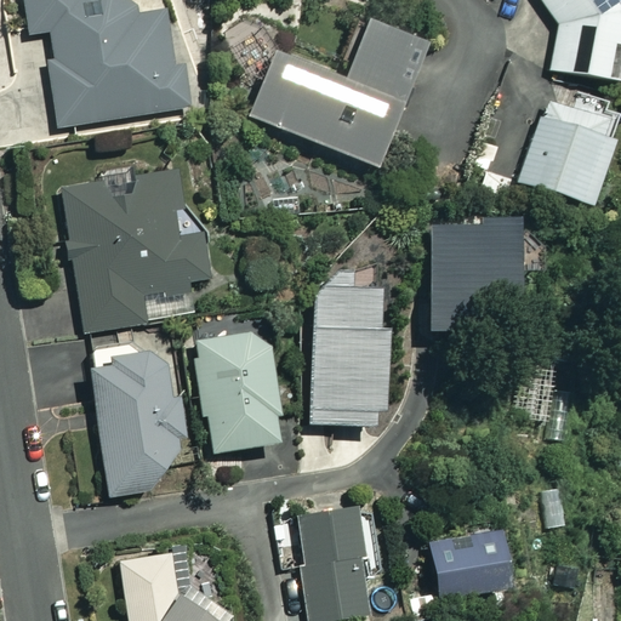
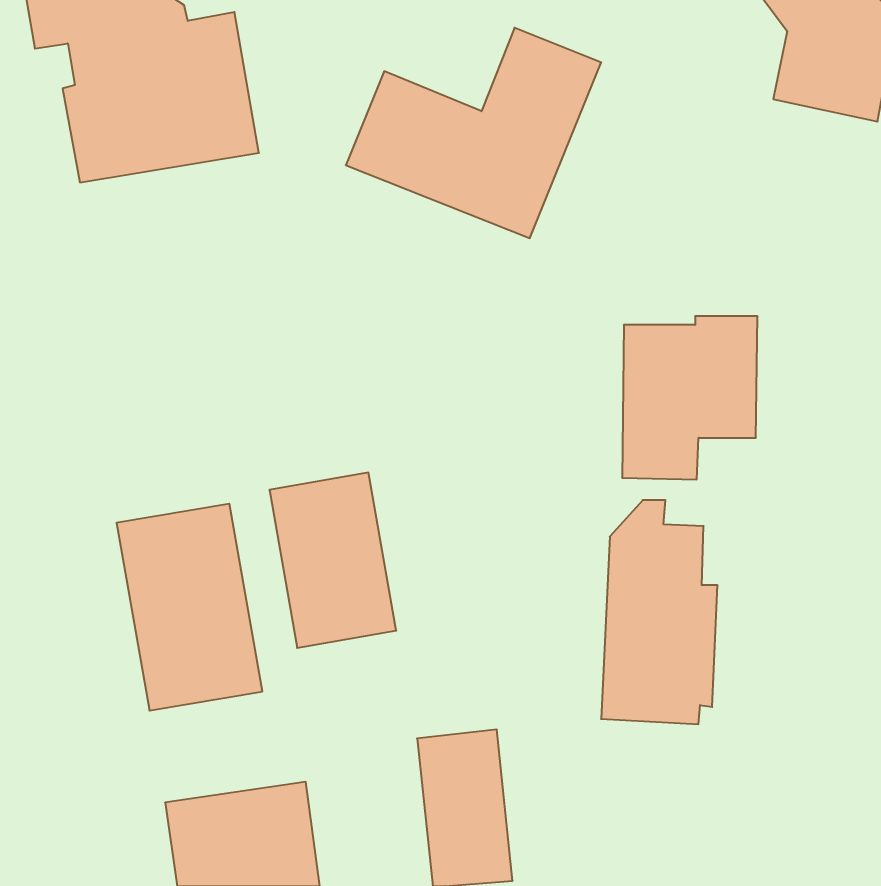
building: [519,99,613,204] -> none
building: [61,167,209,331] -> none
building: [318,270,399,427] -> [601,500,718,724]
building: [427,531,497,597] -> none

